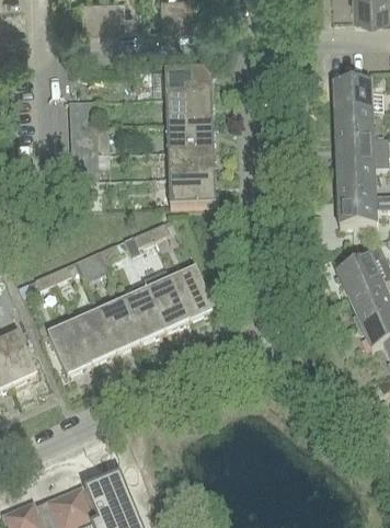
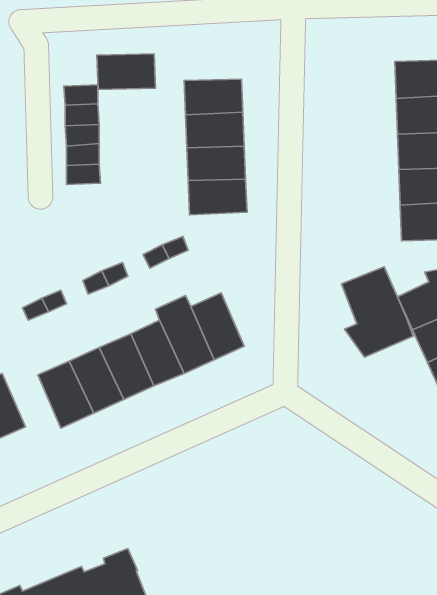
building: [163,67,210,95] -> [97,54,156,89]
building: none -> [342,267,413,357]

